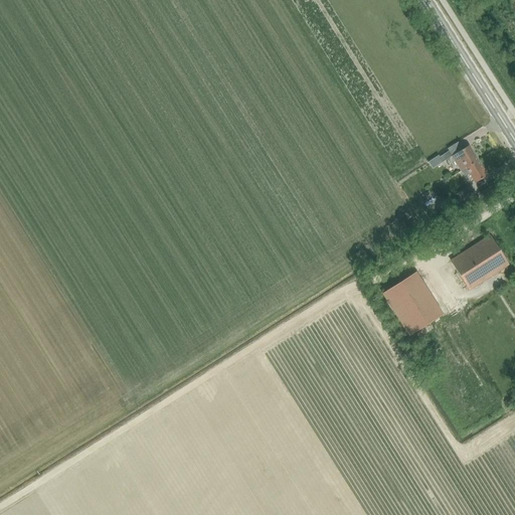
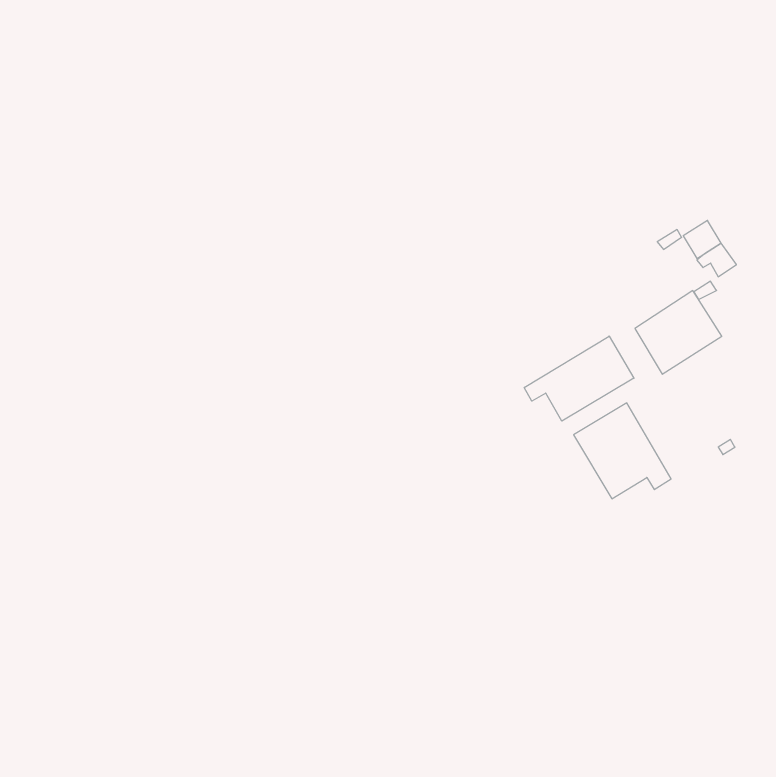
building: none -> [524,336,634,421]
building: [452,235,509,291] -> [635,291,722,374]

